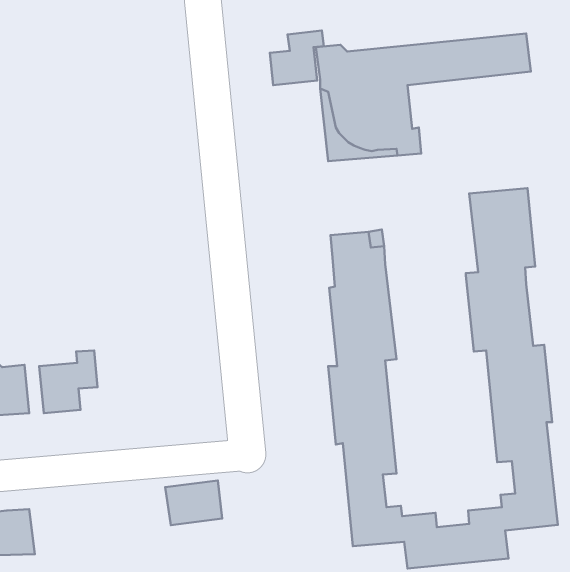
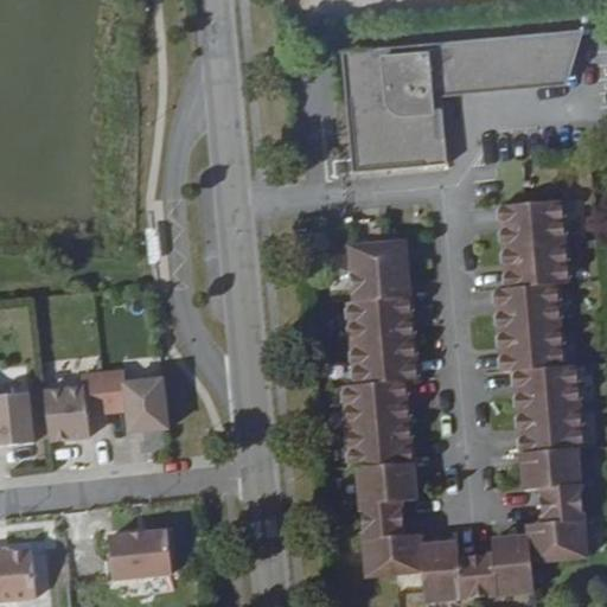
building: [270,31,324,85] -> none
building: none -> [100,369,165,430]
building: [165,480,222,525] -> [111,524,172,571]

